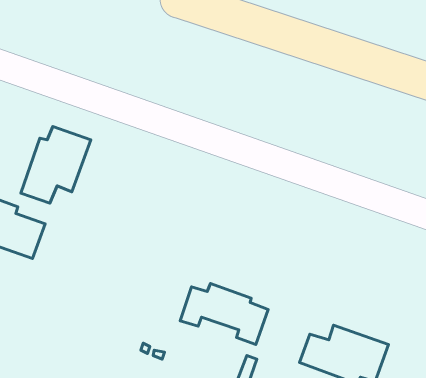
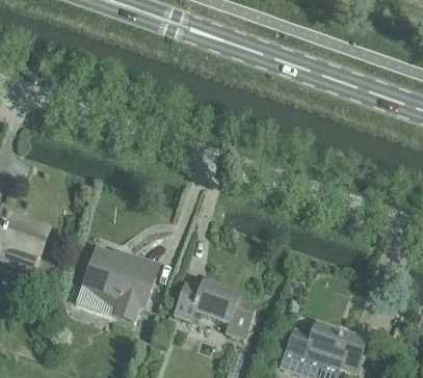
building: [21,126,91,203] -> none
building: none -> [76,247,157,323]

